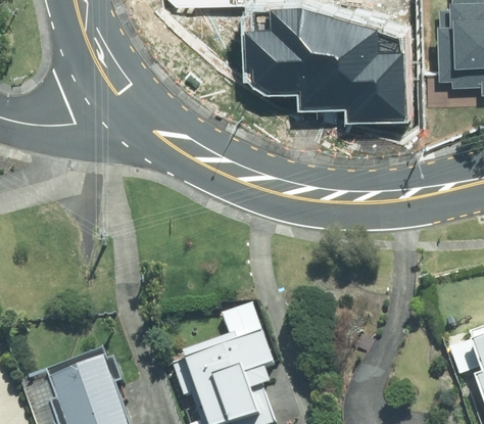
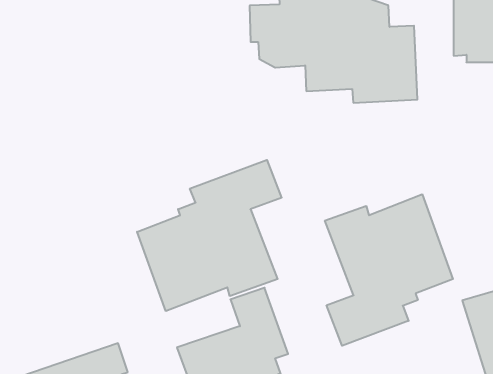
building: none -> [137,160,282,311]
building: none -> [325,194,453,346]

